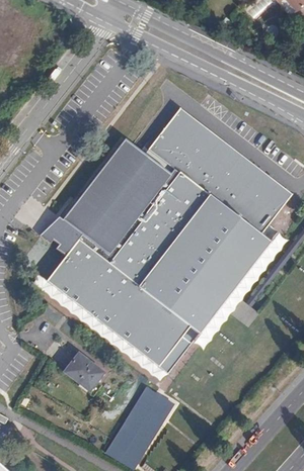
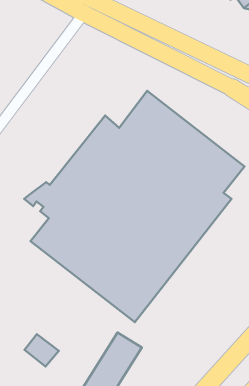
building: [64,354,103,391] -> [25,334,59,367]

